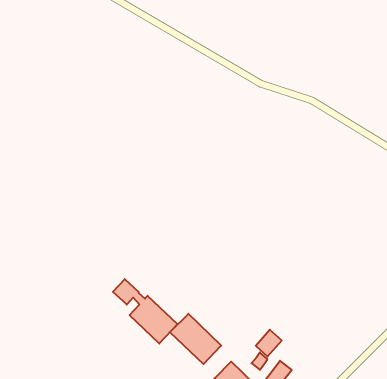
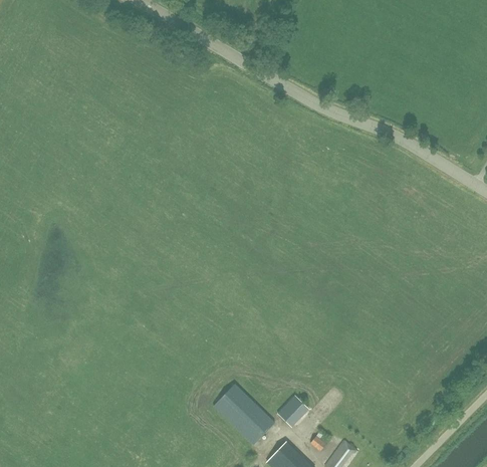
building: [113,279,177,344] -> none
building: [256,330,282,357] -> [279,392,310,424]

